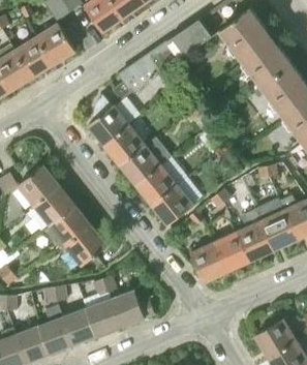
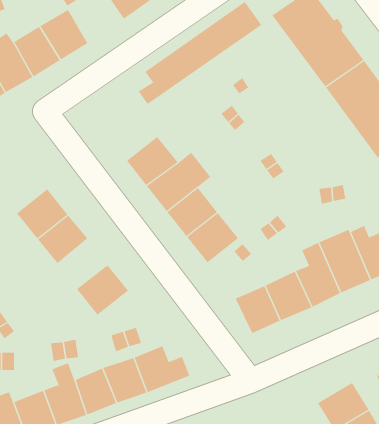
building: [89,95,129,146] -> none
building: [44,207,90,251] -> none

